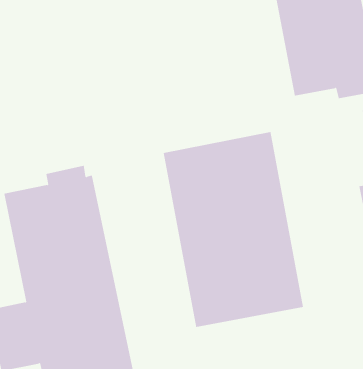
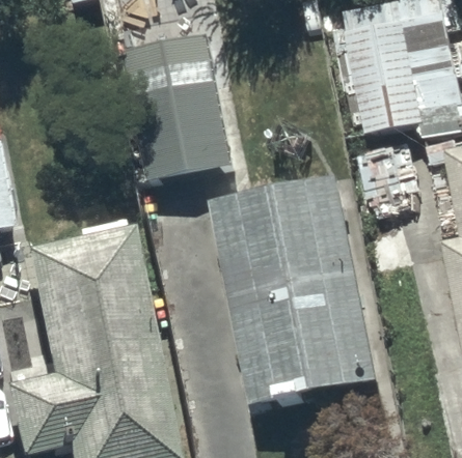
building: none -> [119,29,233,179]

